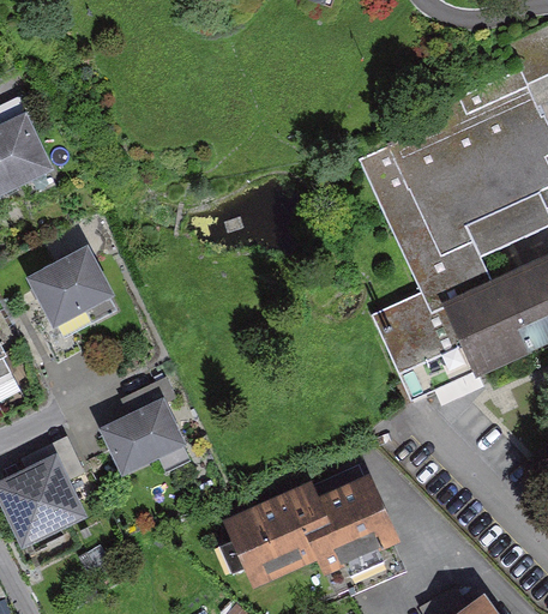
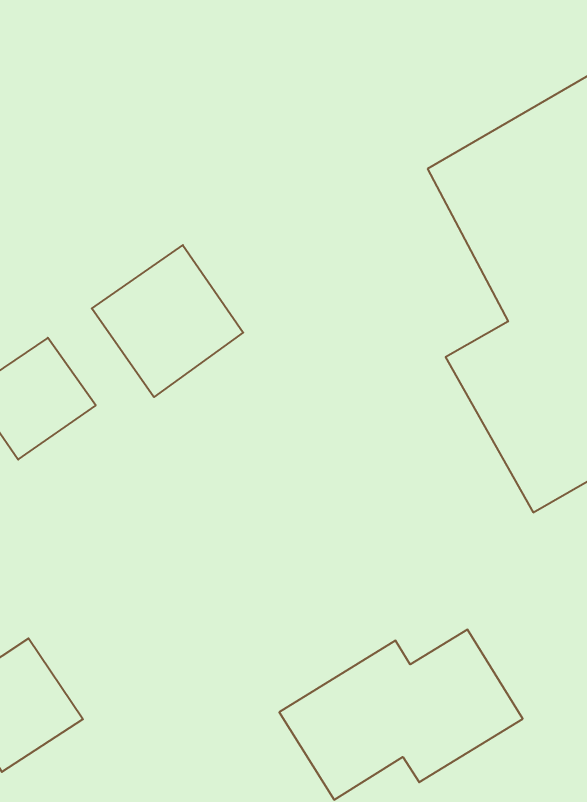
building: none -> [92,245,243,397]
building: [107,398,188,472] -> none

